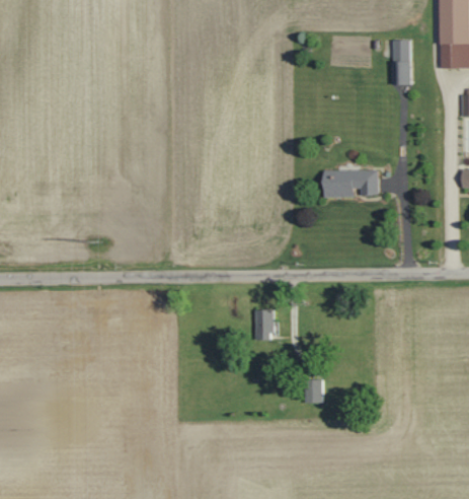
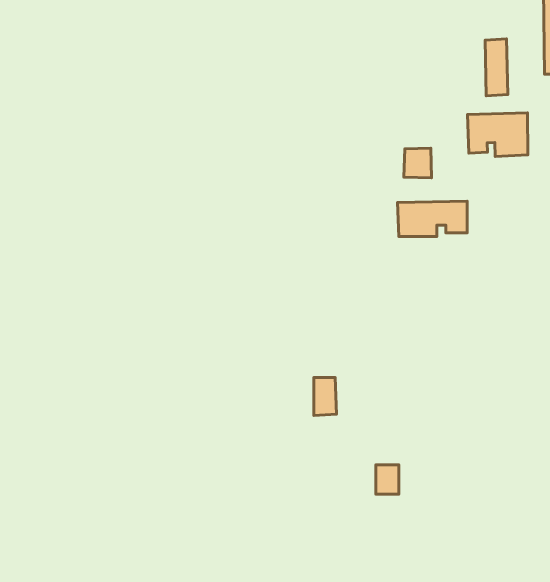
building: none -> [467,113,528,156]
building: none -> [404,148,431,178]

